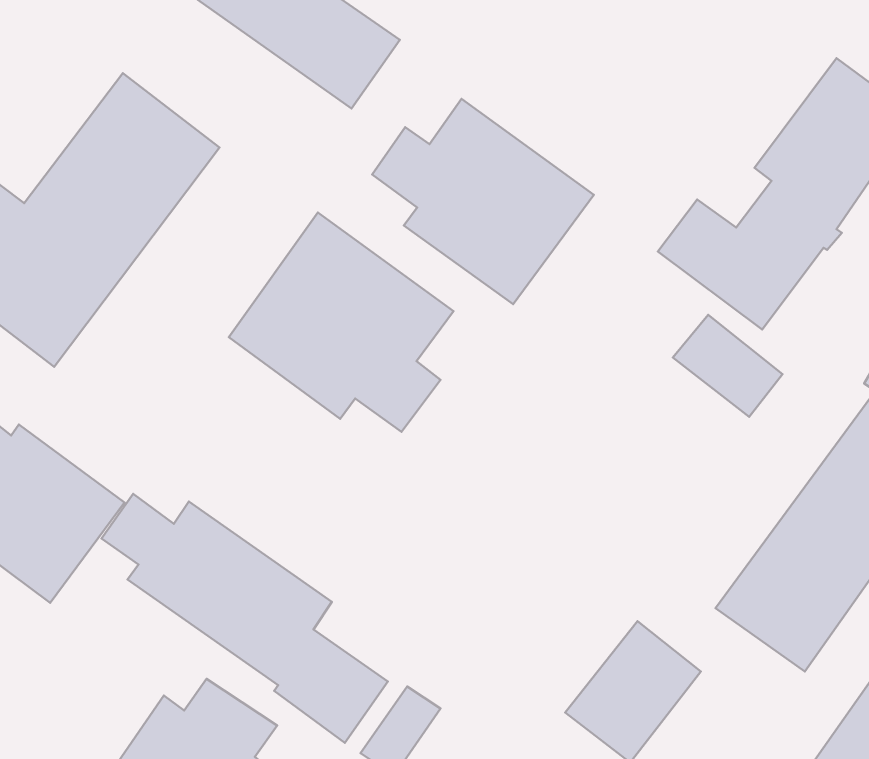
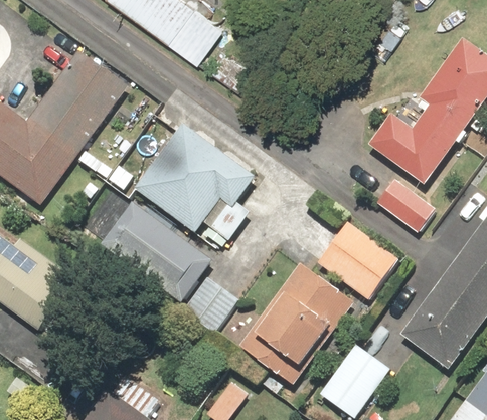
building: [372,99,594,304] -> none
building: none -> [317,218,400,299]
building: none -> [240,260,355,370]
building: [101,494,388,743] -> [85,199,239,334]

